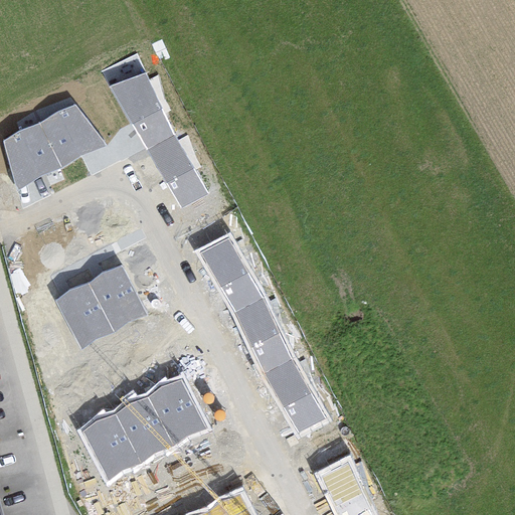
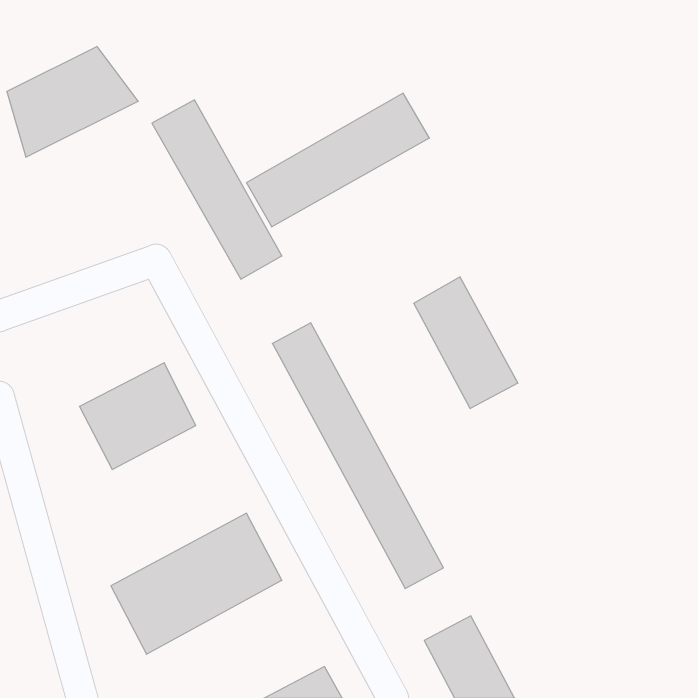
building: none -> [247,93,429,227]
building: [4,104,101,185] -> [7,46,138,157]
building: none -> [414,277,518,409]

